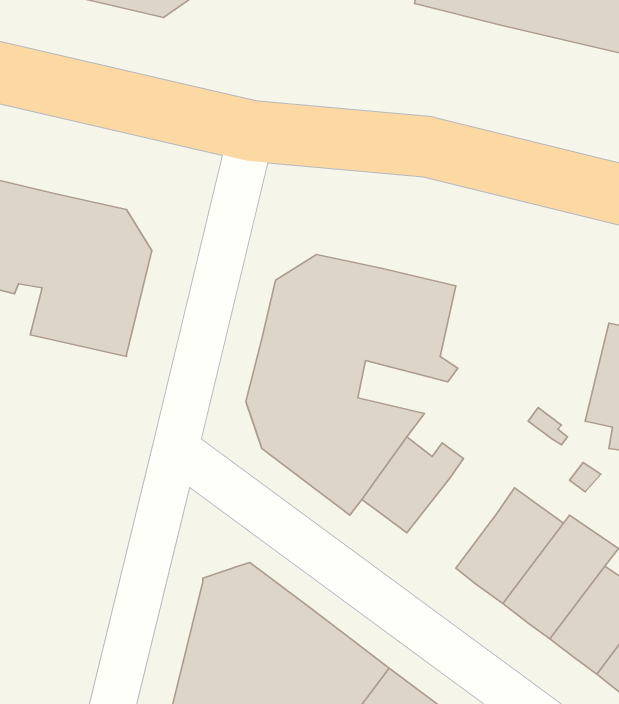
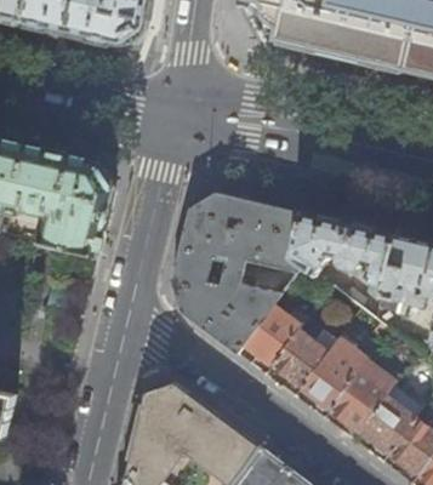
building: none -> [290,212,394,296]
building: none -> [269,331,325,387]

